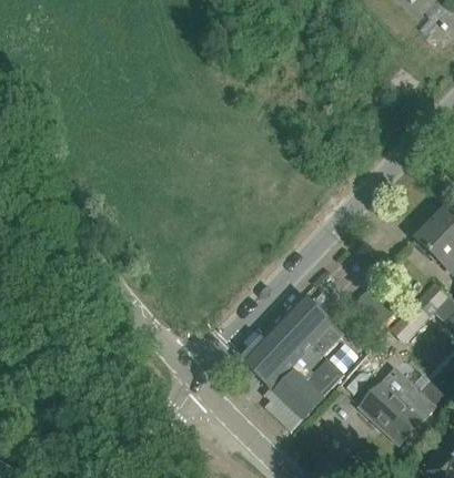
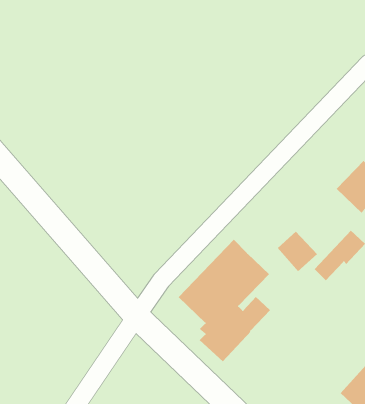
building: [360,368,436,444] -> none

